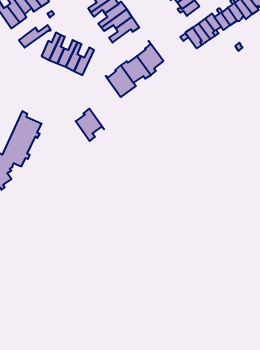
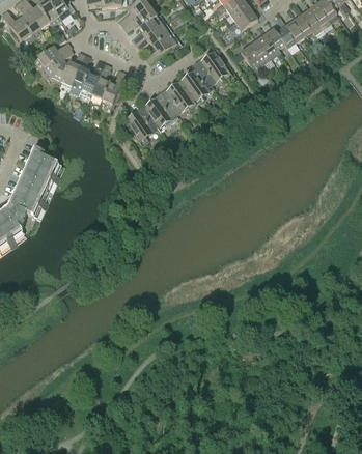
building: none -> [39,48,73,80]
building: none -> [193,50,230,86]
building: [76,109,104,141] -> [123,105,159,145]

